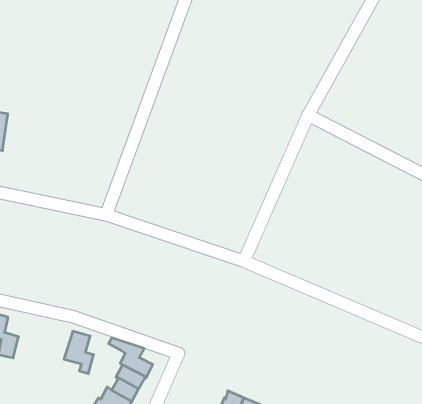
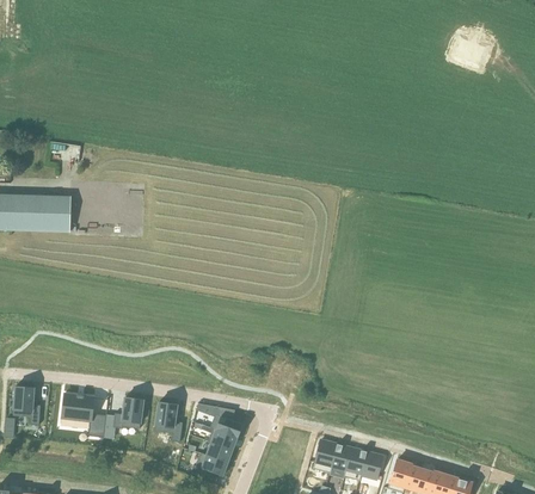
building: none -> [104,397,143,438]

